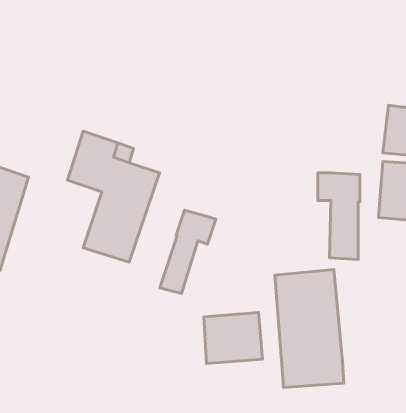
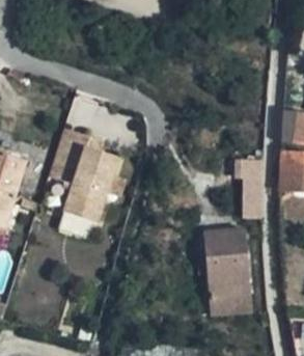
building: [160,210,216,294] -> none
building: [204,312,263,364] -> none

